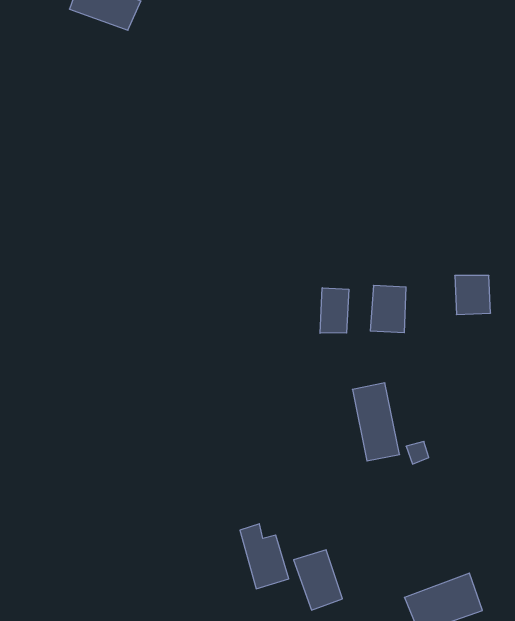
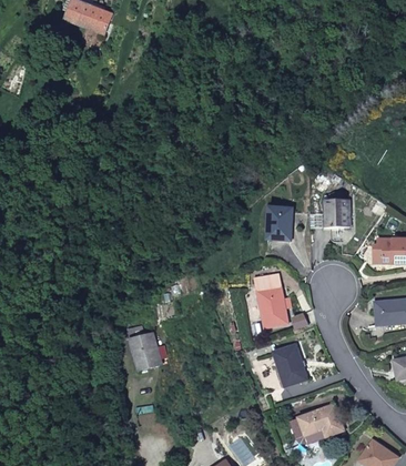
building: [320,288,349,333] -> none
building: [240,524,289,589] -> [128,325,161,369]
building: [294,550,342,610] -> [273,345,306,386]

